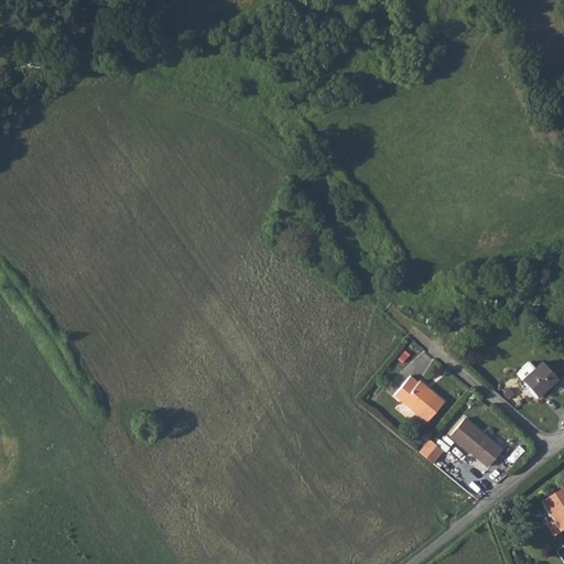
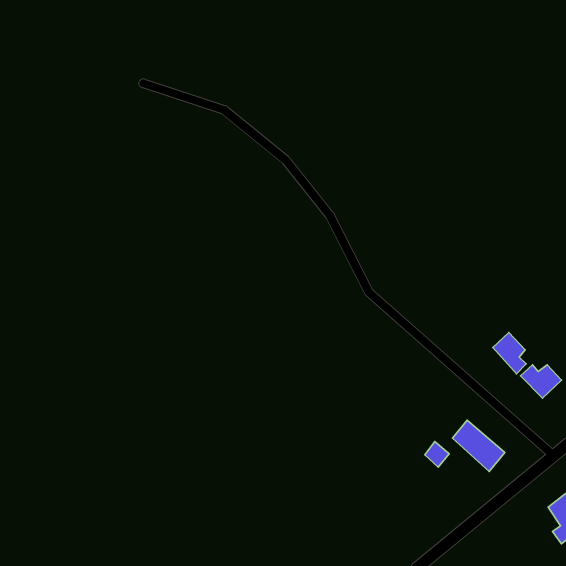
building: none -> [493,333,526,374]
building: [392,373,442,420] -> none

